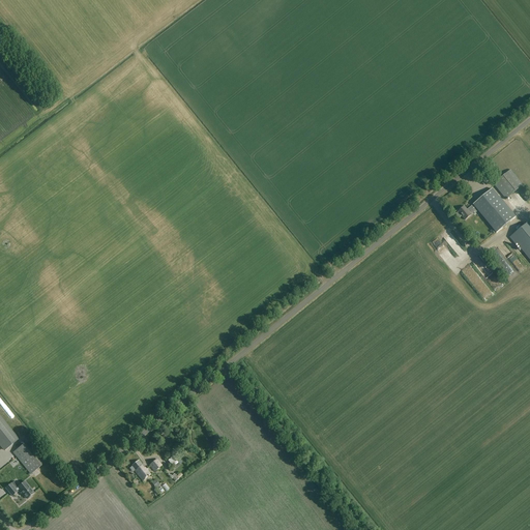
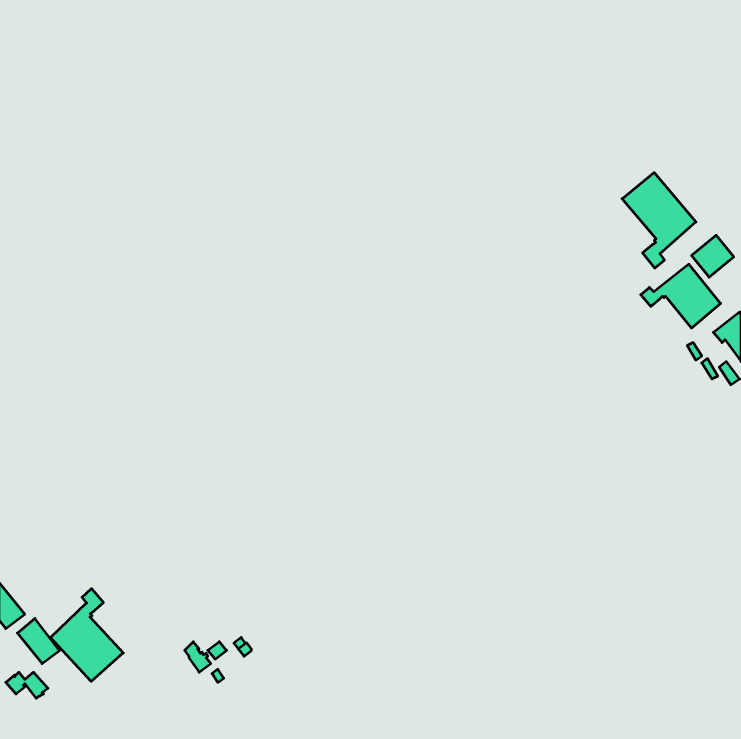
building: none -> [622,173,696,268]
building: none -> [50,589,123,681]

